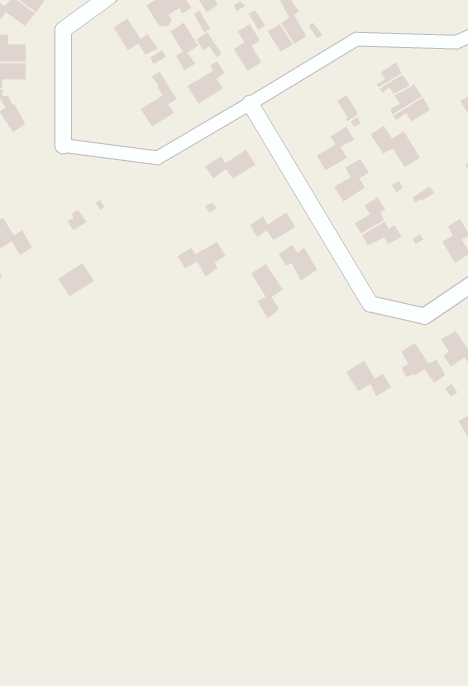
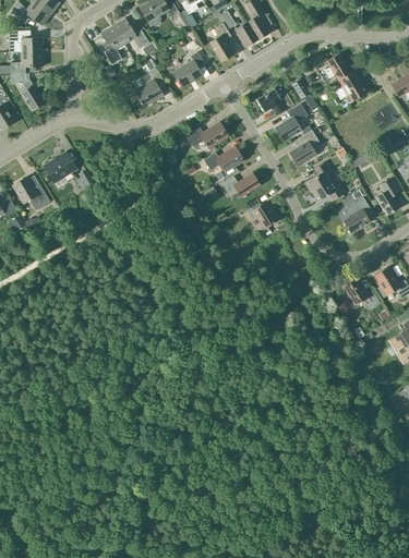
building: [169,22,199,72] -> [100,25,124,65]
building: none -> [257,88,292,113]
building: [370,125,421,168] -> none
building: [176,241,227,278] -> [203,147,243,177]
building: none -> [342,197,373,233]
building: [57,262,95,298] -> [45,153,75,181]
building: [250,263,284,320] -> none
building: [345,359,393,397] -> none

